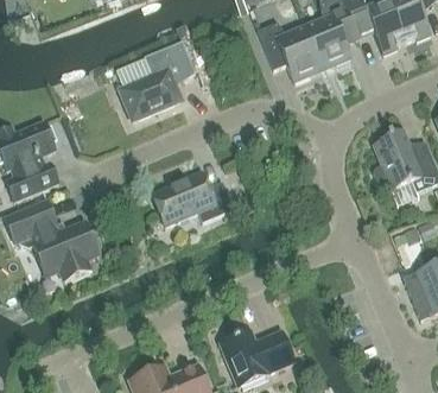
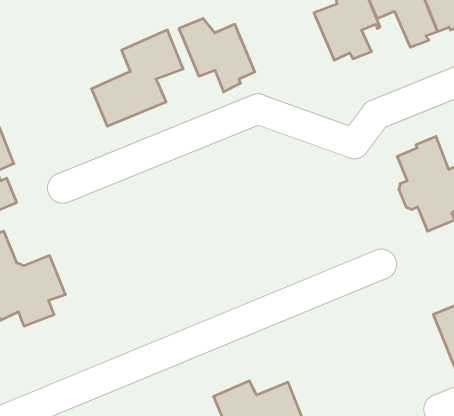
building: [256,21,319,82] -> [179,19,255,92]
building: [157,177,231,221] -> none

